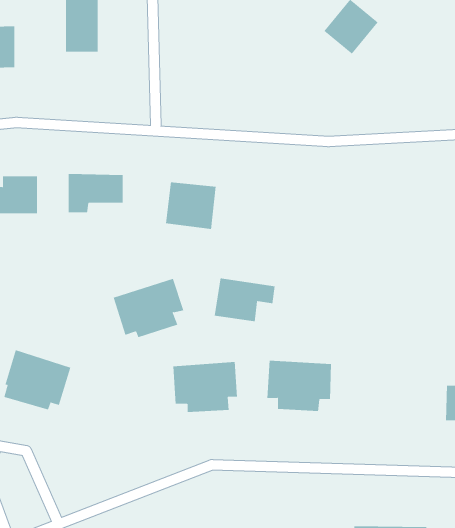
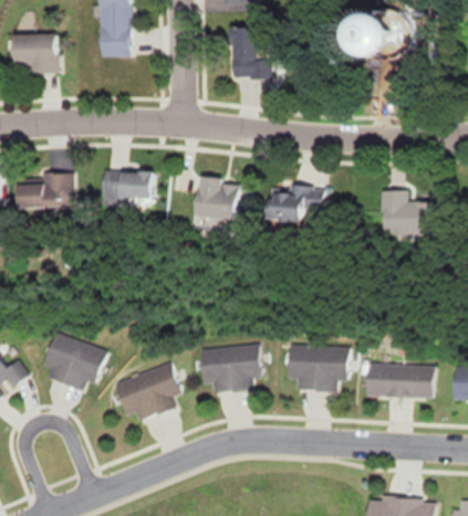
building: none -> [230,28,270,78]
building: none -> [381,190,439,234]
building: [214,278,276,322] -> [264,183,322,224]
building: [113,278,184,338] -> [114,365,180,420]
building: none -> [365,362,434,398]

